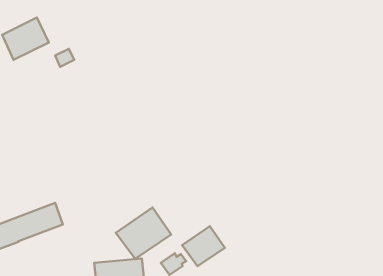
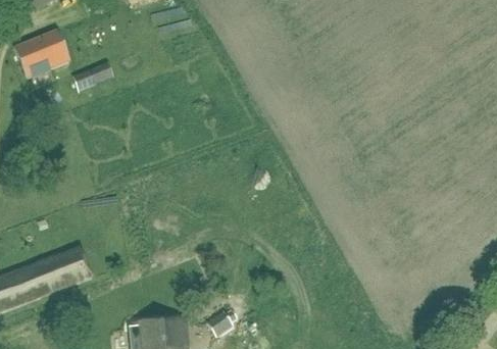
building: [116,208,171,259] -> none
building: [182,226,225,266] -> none

